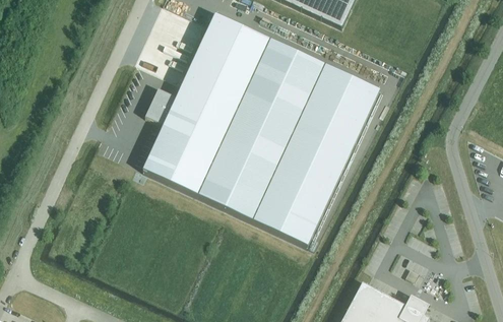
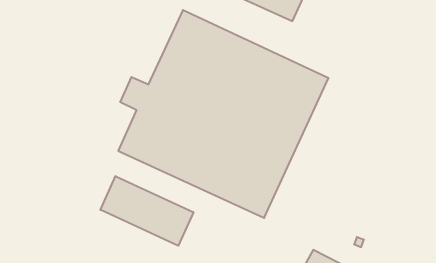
building: none -> [100,176,193,246]

